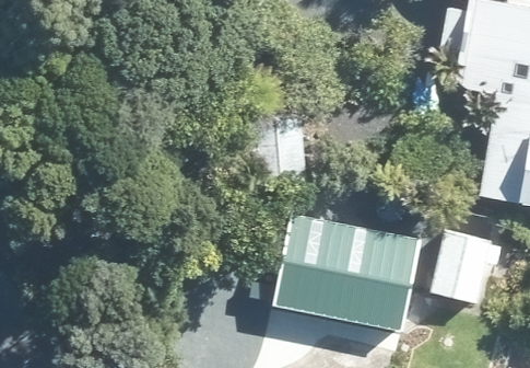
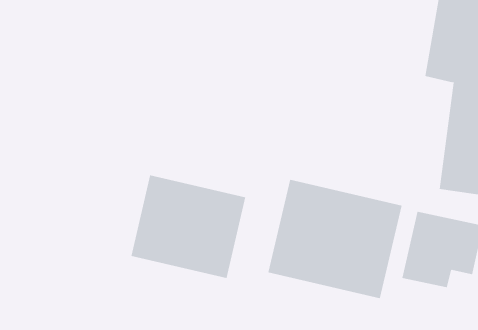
building: none -> [131,174,246,279]

